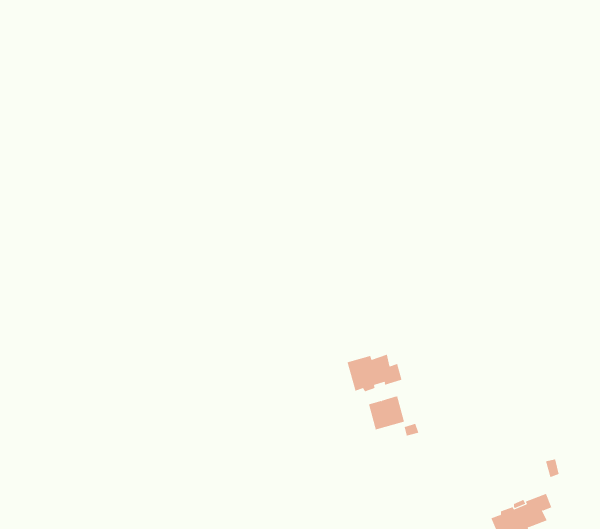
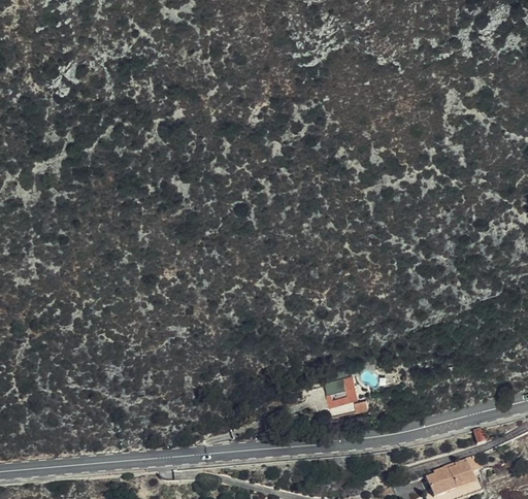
building: [347,354,402,392] -> none

